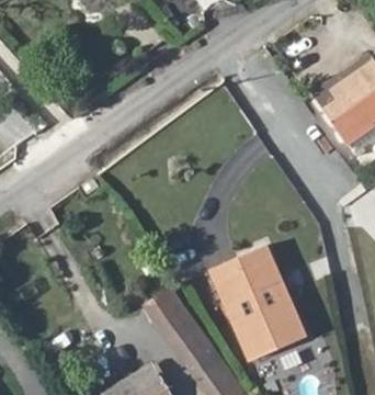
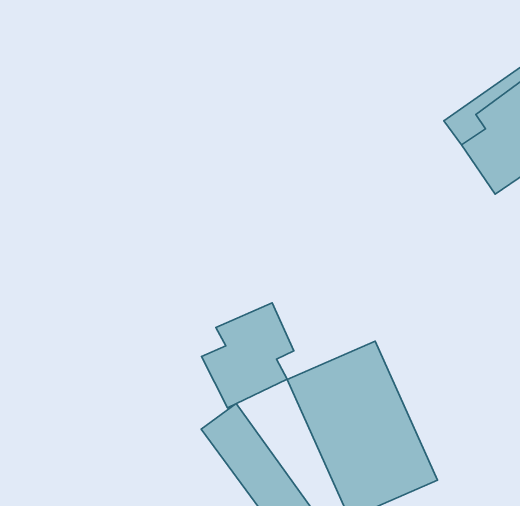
building: none -> [202,303,294,408]

